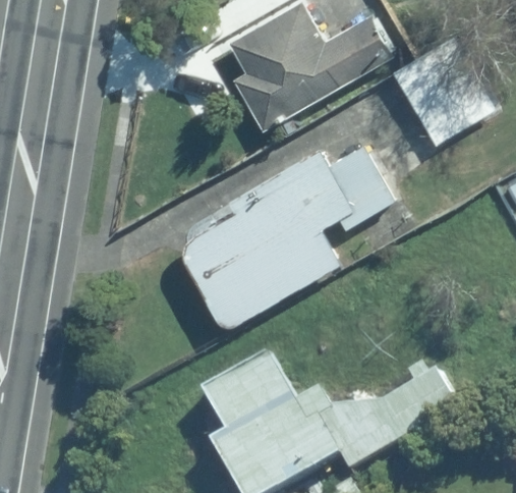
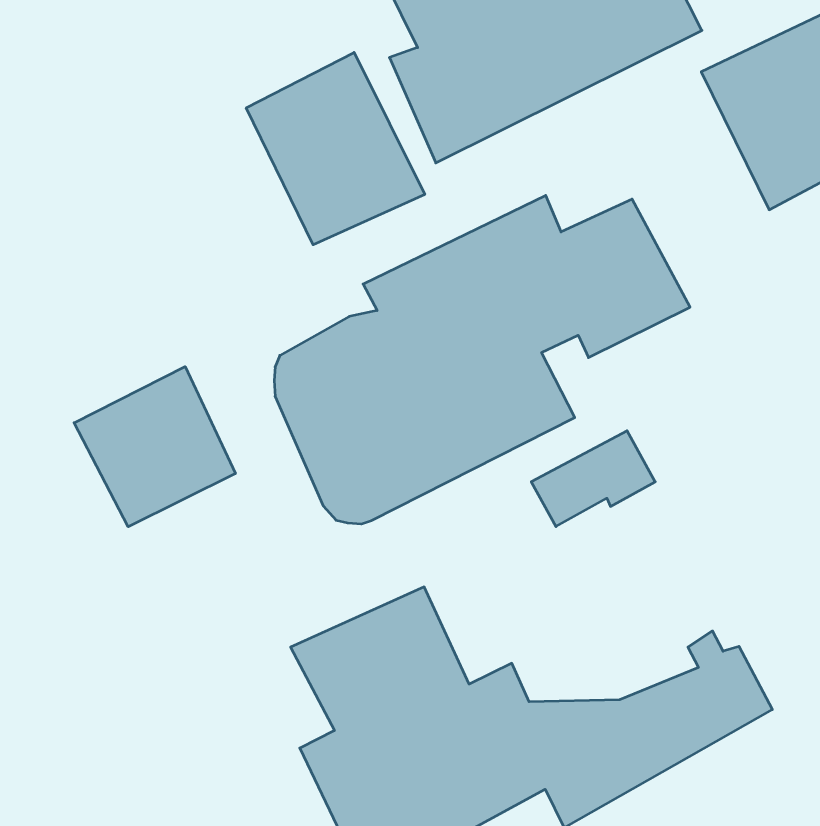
building: none -> [246,52,425,245]
building: none -> [74,367,235,527]

